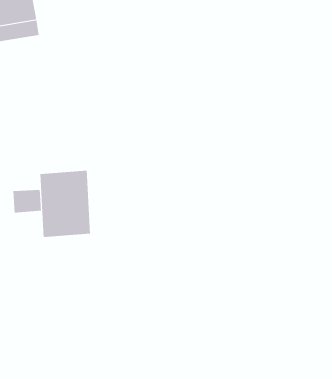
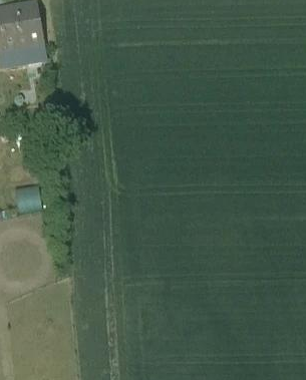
building: [40,170,90,238] -> none

